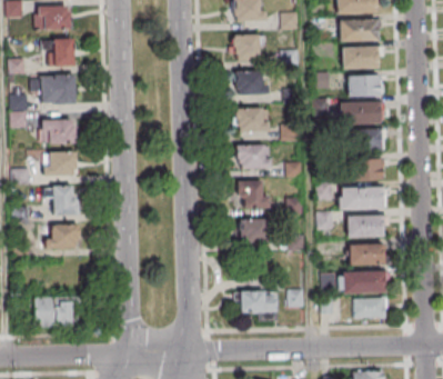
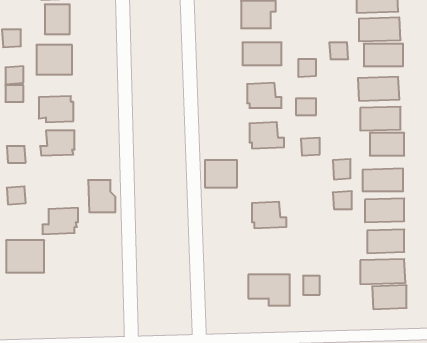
building: [236,180,266,206] -> [205,160,237,187]
building: [53,188,79,218] -> [88,180,115,212]
building: [36,296,71,326] -> [6,240,44,272]

